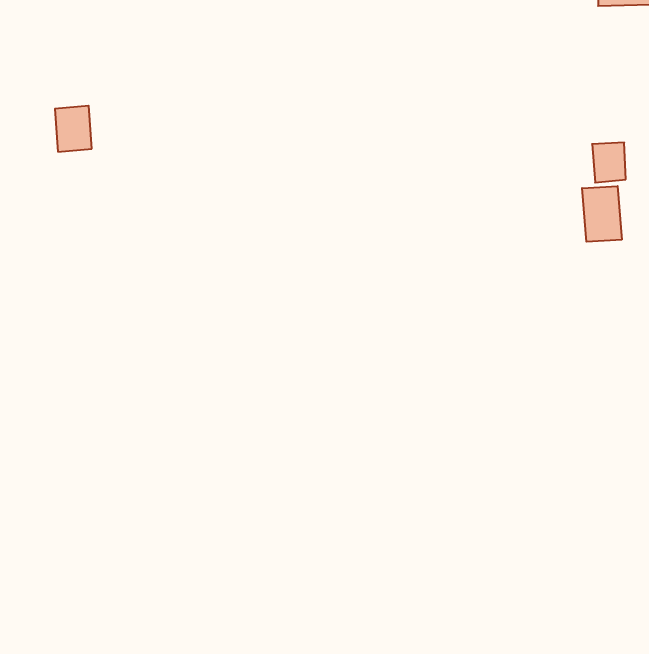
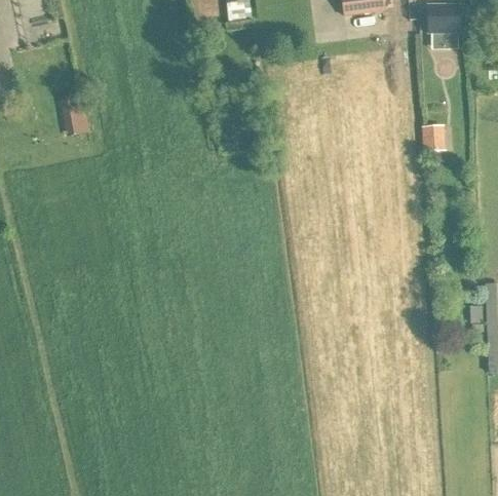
building: [582,186,622,242] -> none

